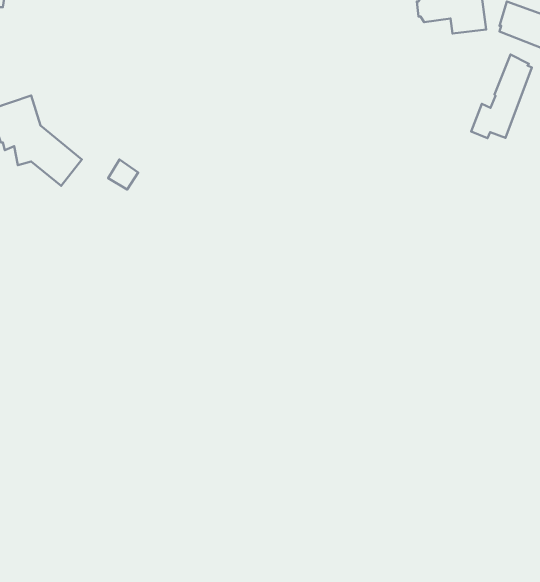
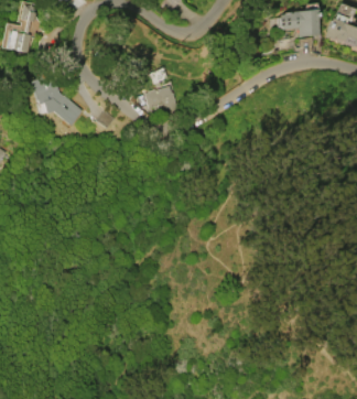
building: [471,55,532,138] -> none
building: none -> [143,86,178,112]

